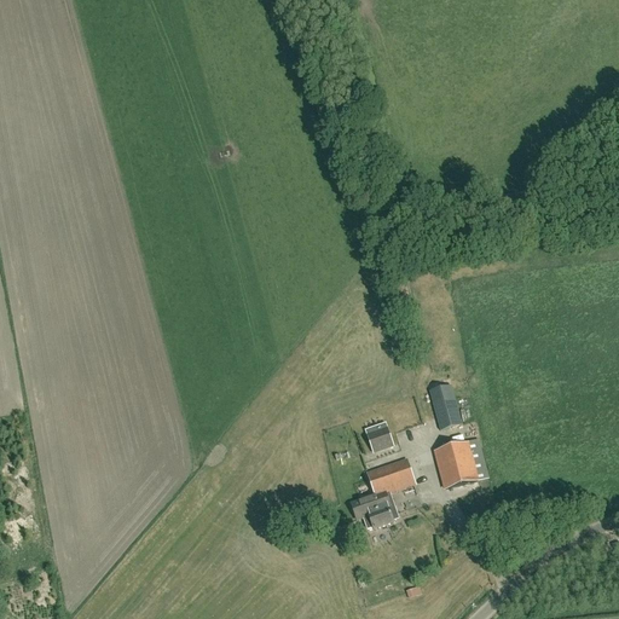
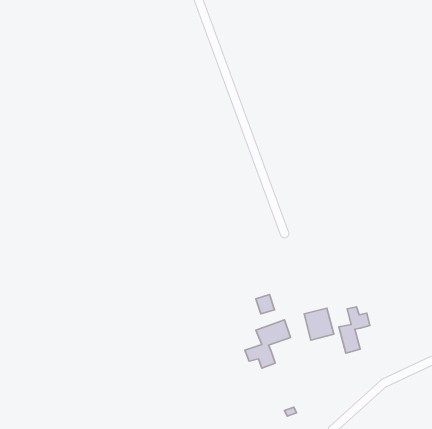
building: [429,382,462,428] -> none
building: none -> [339,307,370,353]

